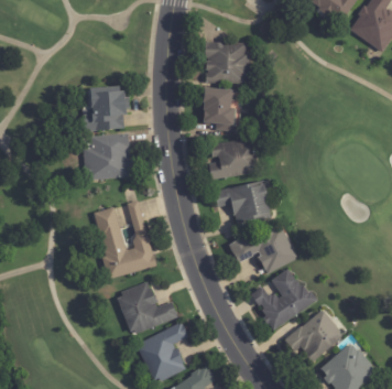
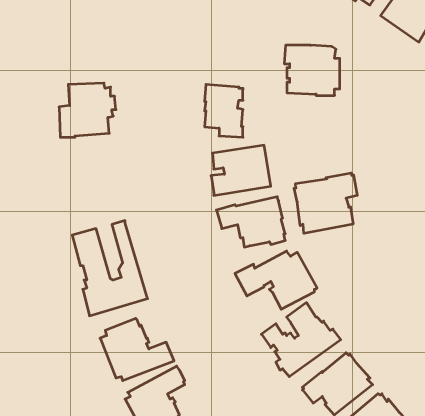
building: [204,41,250,83] -> [284,45,340,95]
building: [83,133,133,180] -> none
building: none -> [294,173,357,233]

